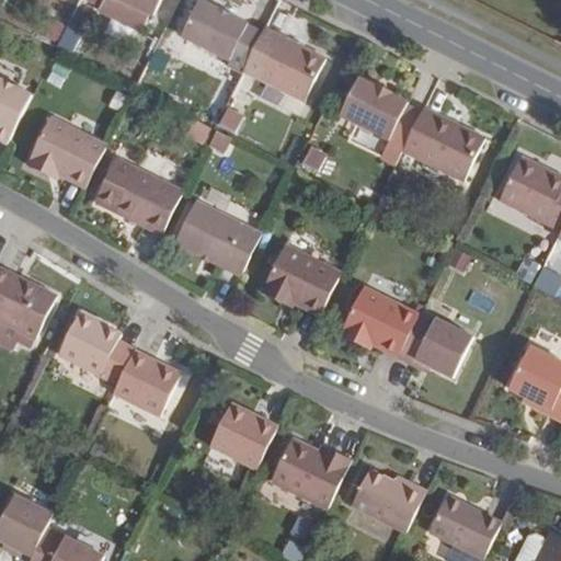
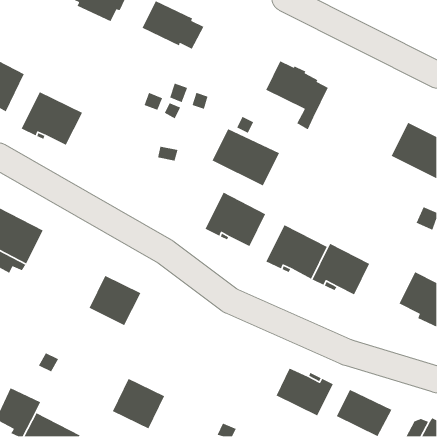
building: [242,27,324,101] -> none
building: [401,107,483,181] -> none
building: [95,158,182,233] -> none
building: [173,202,261,276] -> [212,128,280,186]
building: [60,310,135,381] -> none
building: [209,402,277,468] -> [112,378,165,429]
building: [270,437,351,508] -> none

